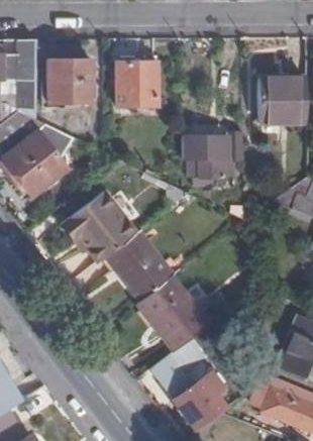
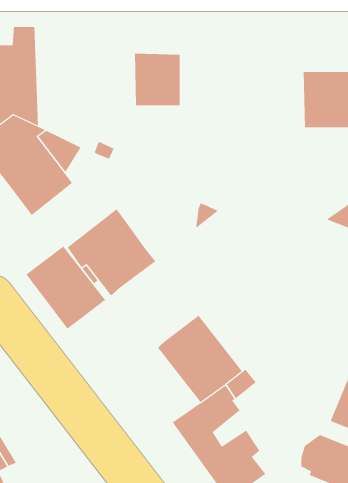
building: [48,60,91,102] -> none
building: [187,132,245,186] -> none
building: [106,231,173,301] -> [25,245,106,330]

